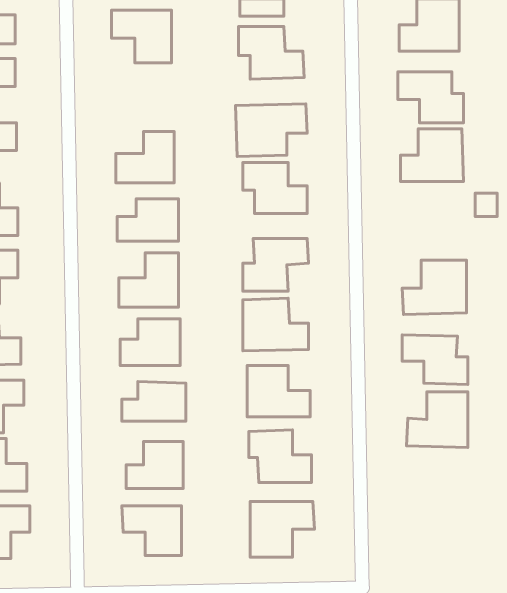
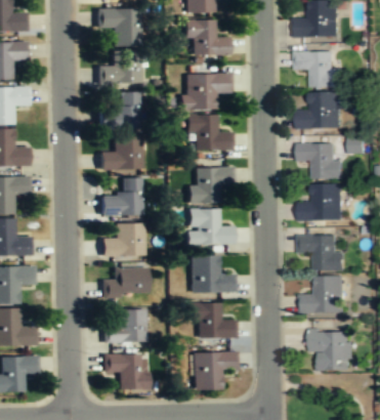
building: none -> [98,51,141,85]
building: none -> [300,143,344,178]
building: none -> [311,331,353,371]

